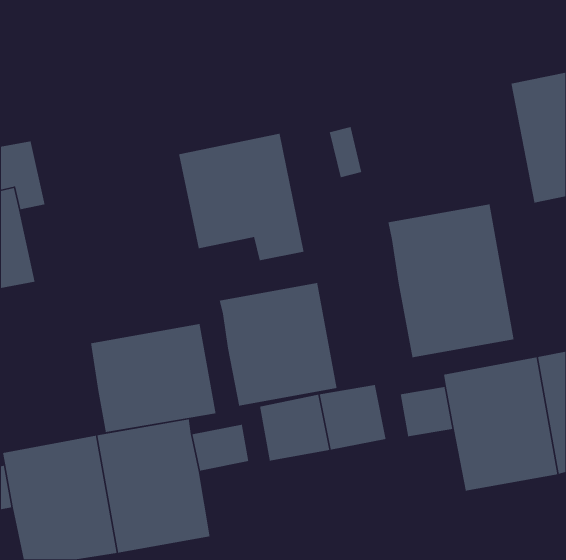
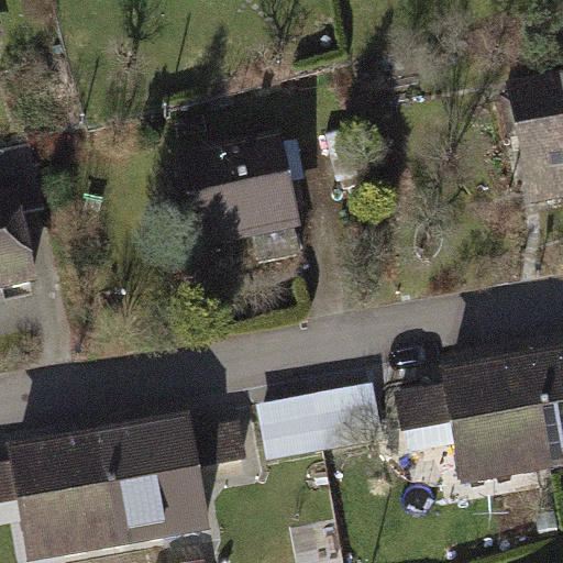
building: [387,203,515,358] -> none
building: [219,282,337,407] -> none
building: [90,323,216,433] -> none

